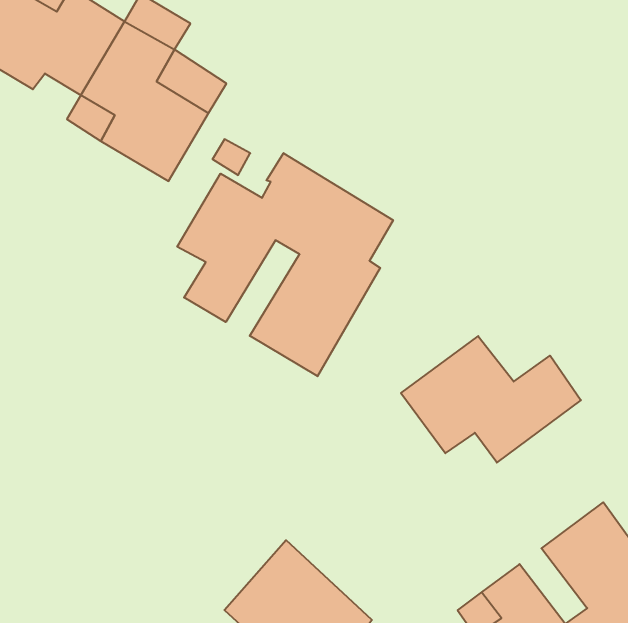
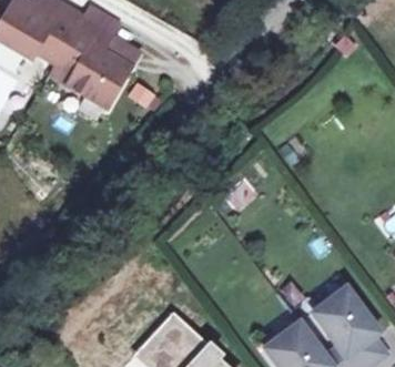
building: [177,153,393,376] -> none
building: [401,336,581,463] -> none

